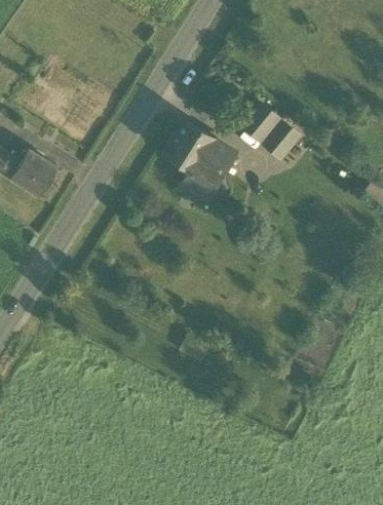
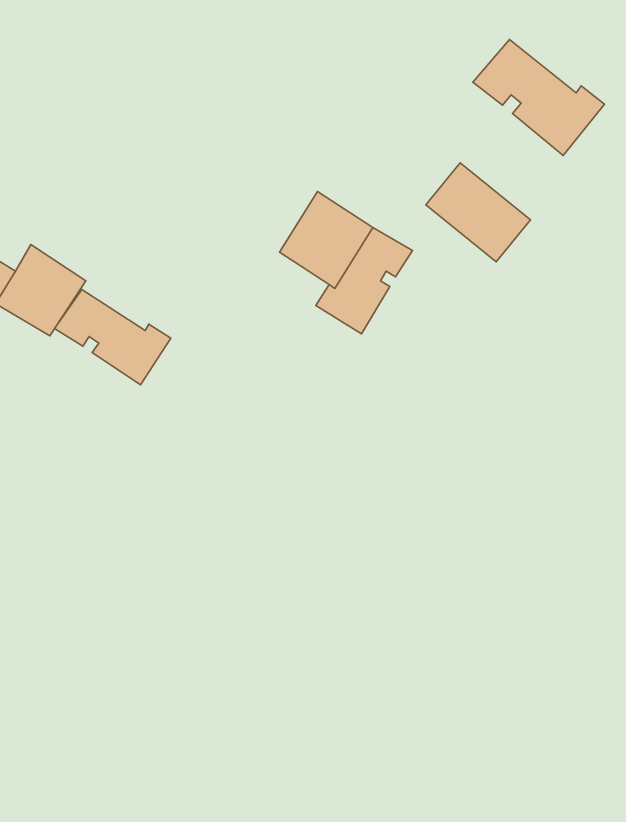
building: none -> [473,40,604,156]
building: none -> [55,290,171,385]

